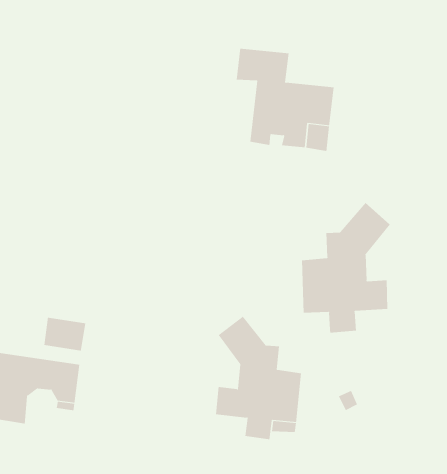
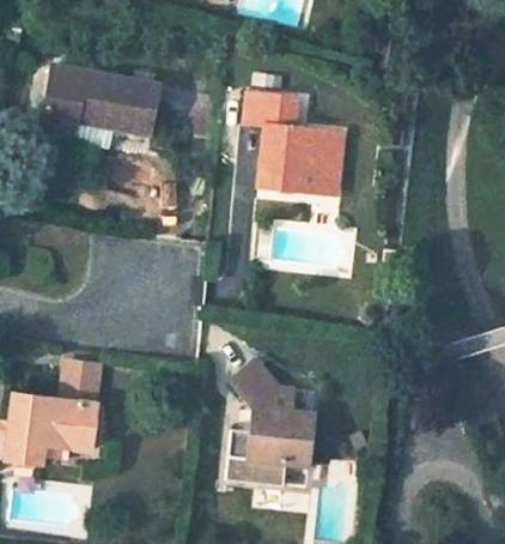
building: none -> [44,64,165,139]
building: [302,202,391,334] -> none

